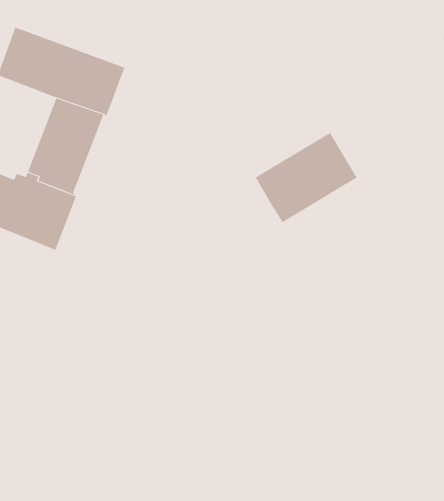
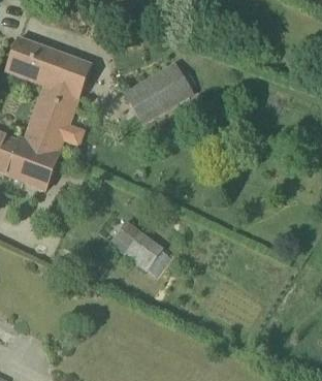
building: [255,132,358,223] -> [124,62,194,124]
building: none -> [109,219,173,275]

